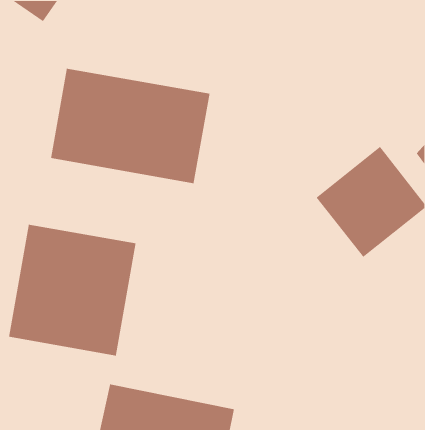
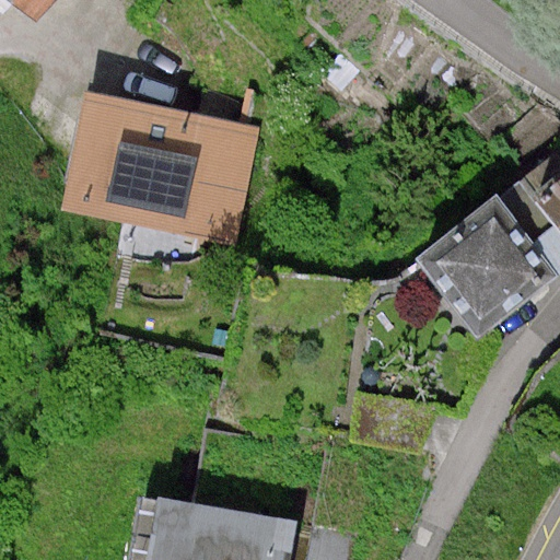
building: [8,224,137,356] -> none

